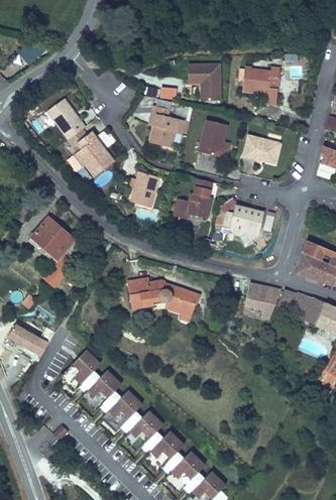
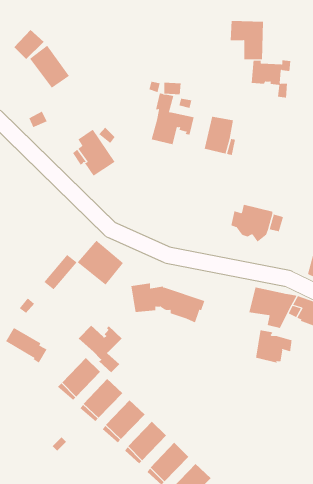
building: [190,62,222,100] -> [230,21,264,60]
building: [48,97,87,138] -> [29,45,70,88]
building: [244,133,282,162] -> none
building: [132,170,160,206] -> none
building: [175,178,216,218] -> none
building: [34,213,79,256] -> [77,240,124,286]
building: none -> [78,325,123,373]
building: none -> [256,330,292,363]

